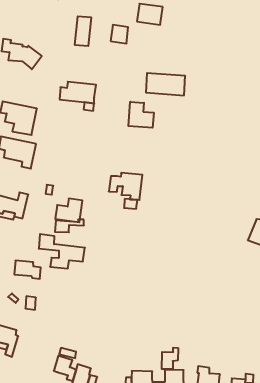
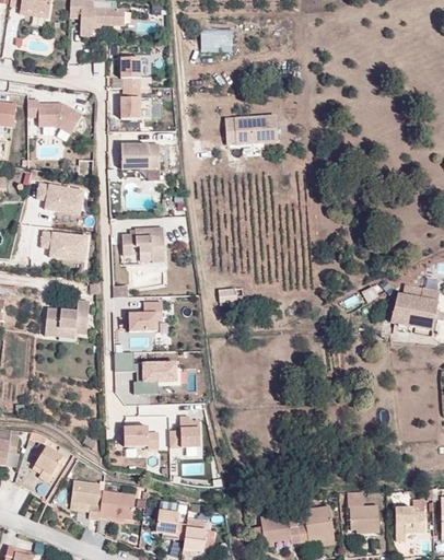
building: [111,25,128,43] -> [121,95,143,117]
building: [128,102,154,128] -> none
building: [109,173,142,200] -> [122,228,165,262]
building: [14,261,41,279] -> [125,431,161,452]
building: none -> [171,419,201,451]
building: none -> [98,492,136,521]
building: [162,348,178,369] -> none

